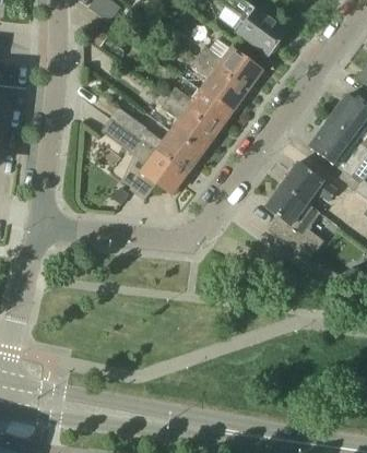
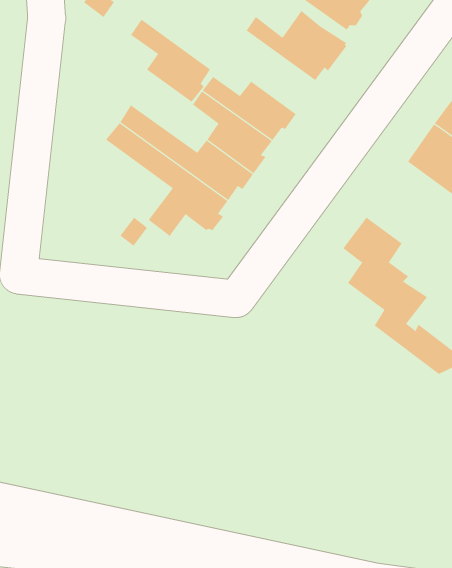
building: [190,53,246,111] -> [130,19,211,103]
building: [281,160,335,201] -> none

